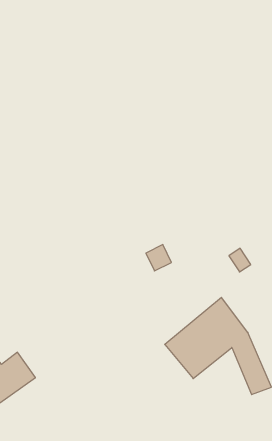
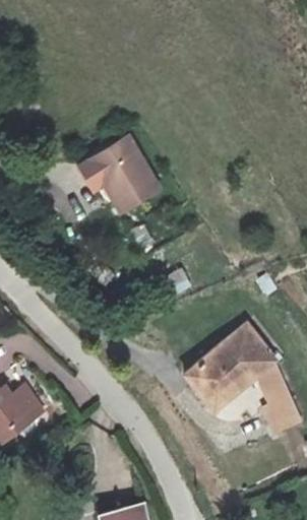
building: none -> [78,138,158,214]

